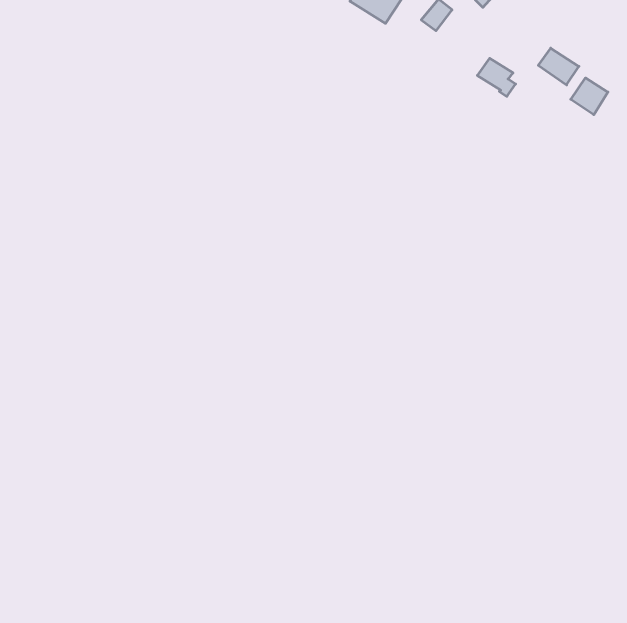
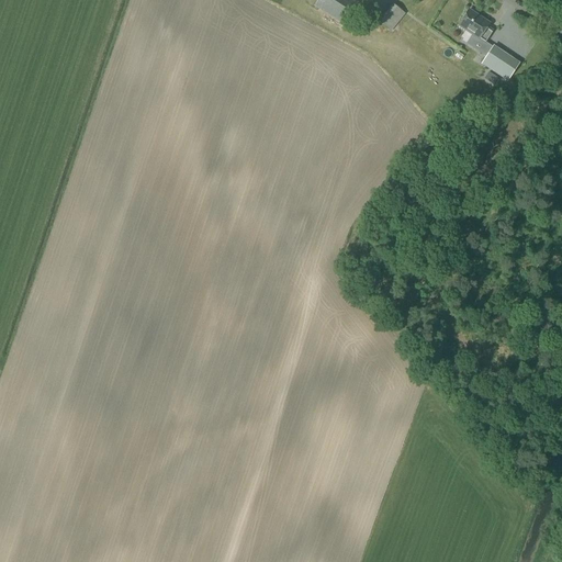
building: [477,58,516,96] -> [456,5,490,40]
building: [571,78,608,115] -> none

